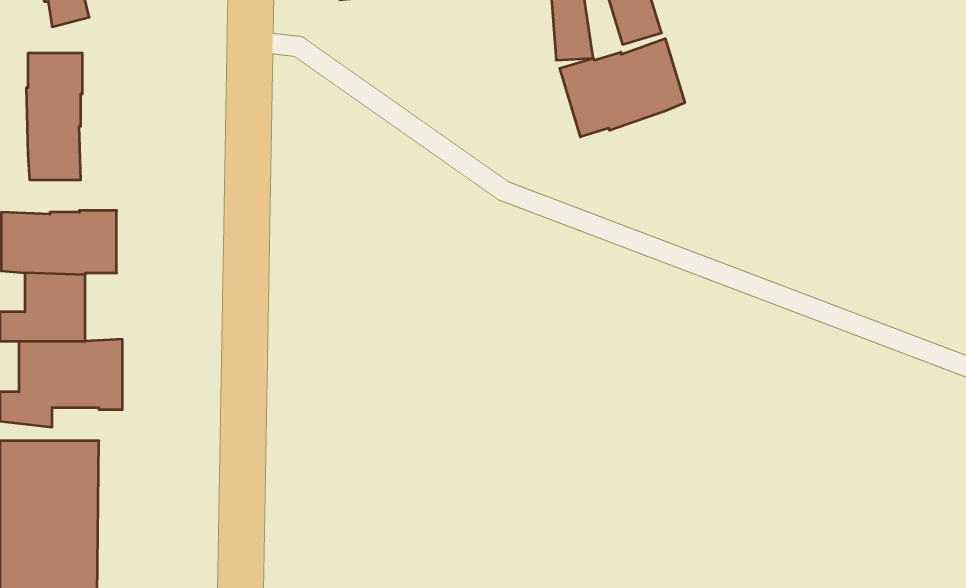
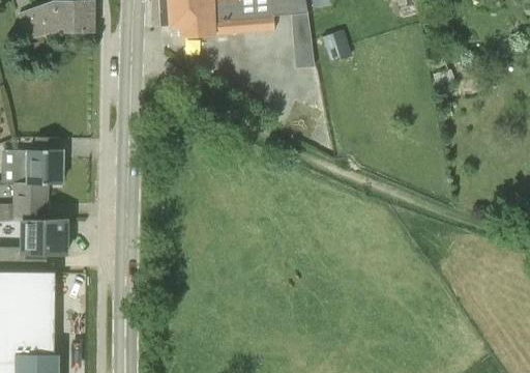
building: [560,39,685,137] -> none
building: [27,53,82,180] -> none

